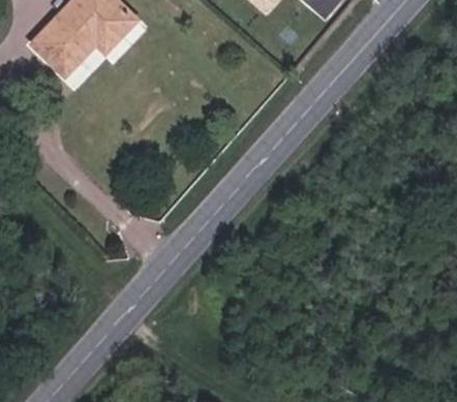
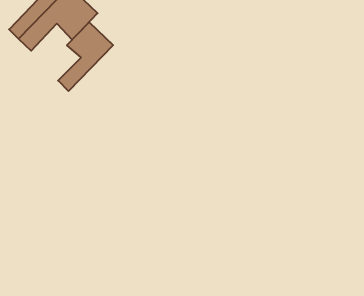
building: none -> [58,22,113,91]

